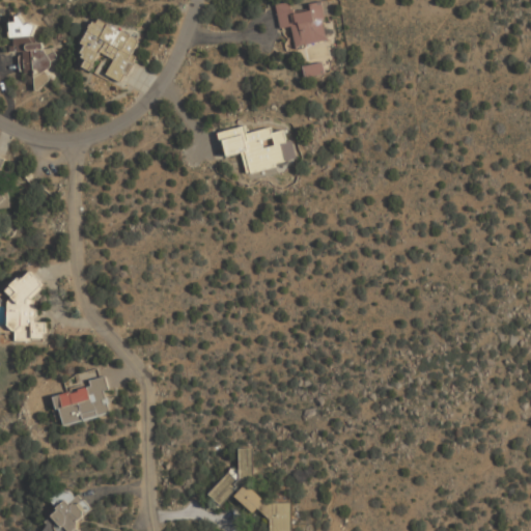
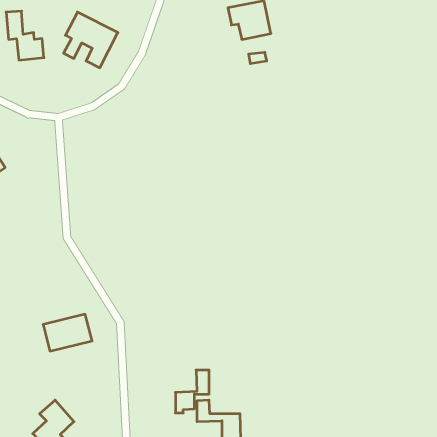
building: [217,127,292,174] -> none
building: [7,280,45,341] -> none

